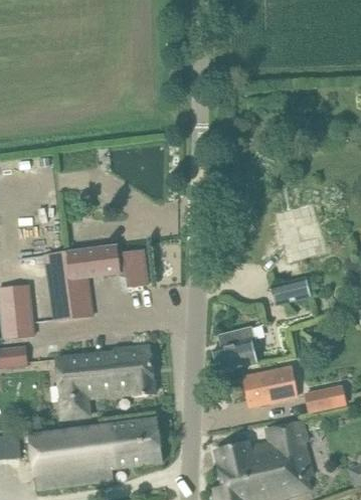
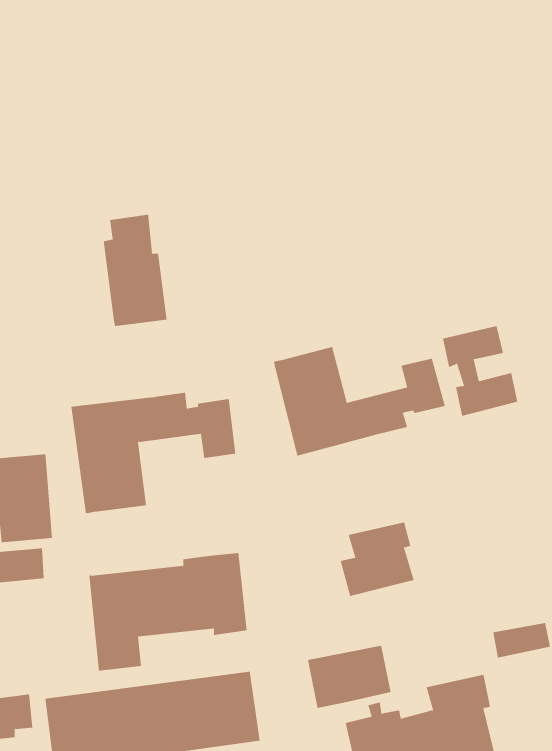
building: none -> [103,214,167,327]
building: none -> [273,346,446,456]
building: [273,279,312,304] -> none
building: [244,367,297,406] -> [307,645,391,708]

